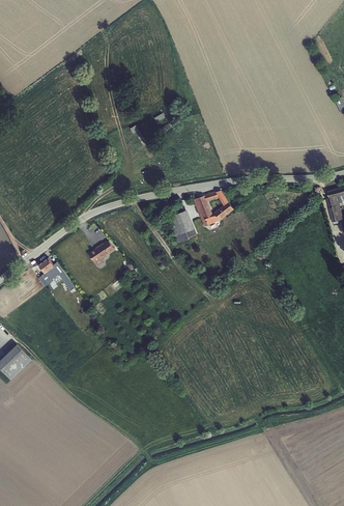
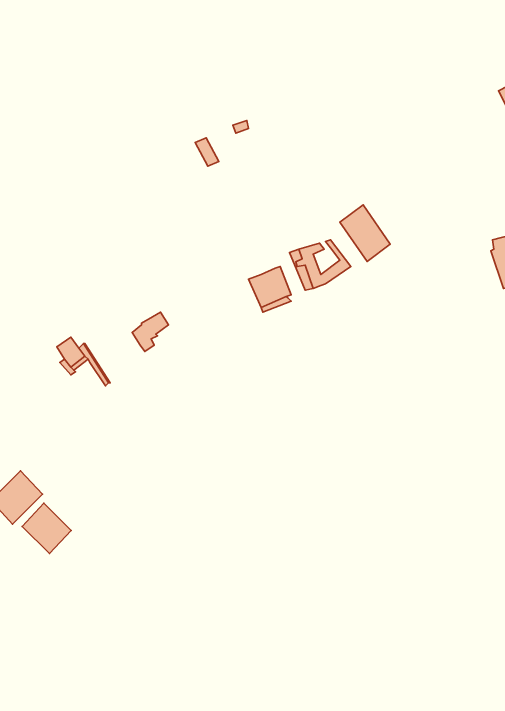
building: none -> [340,205,390,261]
building: none -> [22,503,71,554]

